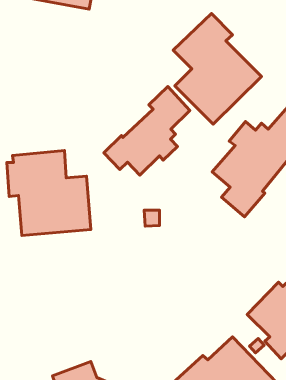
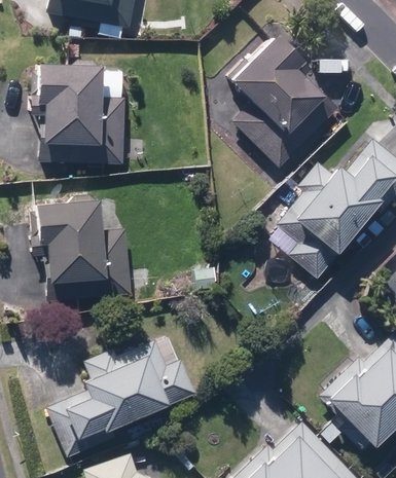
building: none -> [31,63,125,163]
building: [104,86,190,175] -> none
building: none -> [47,341,194,457]

